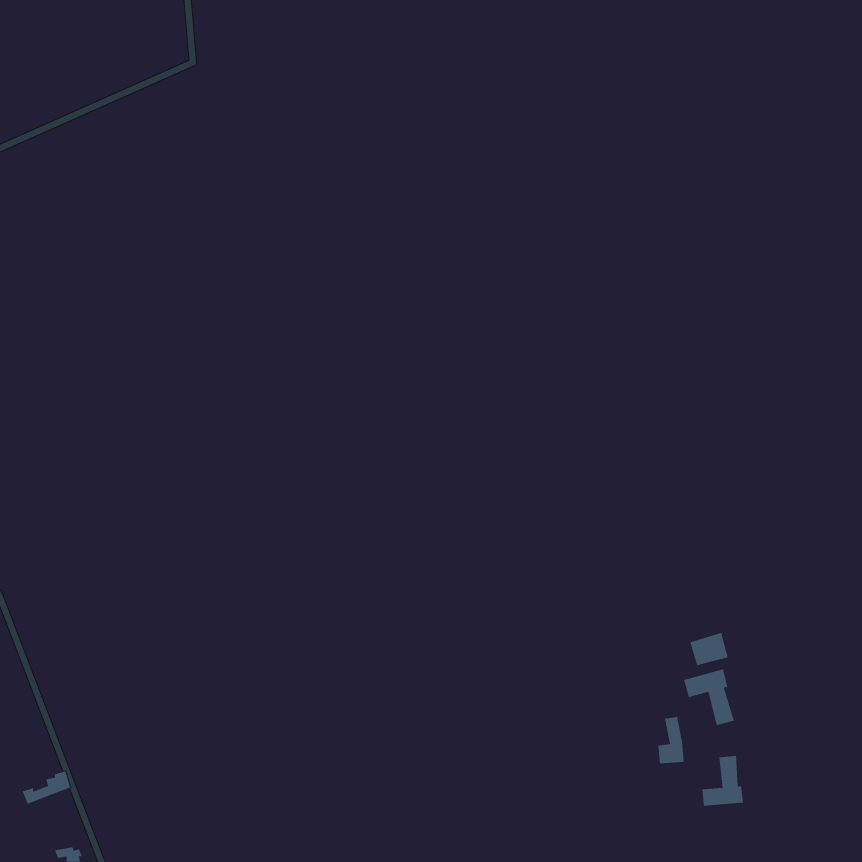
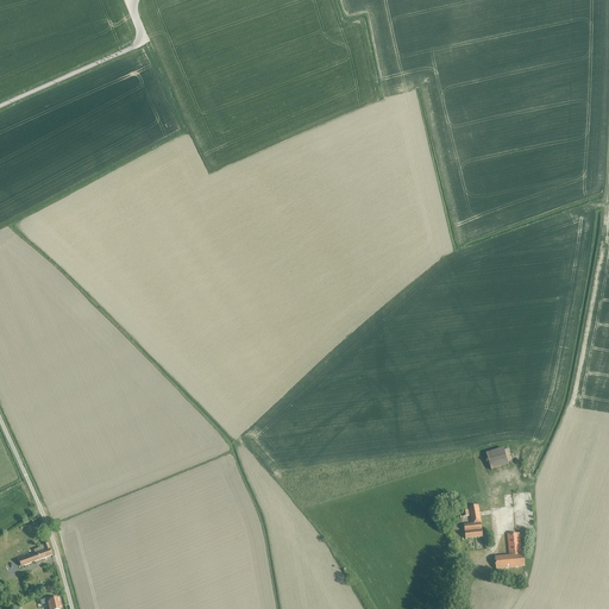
building: [684,669,735,726] -> none

